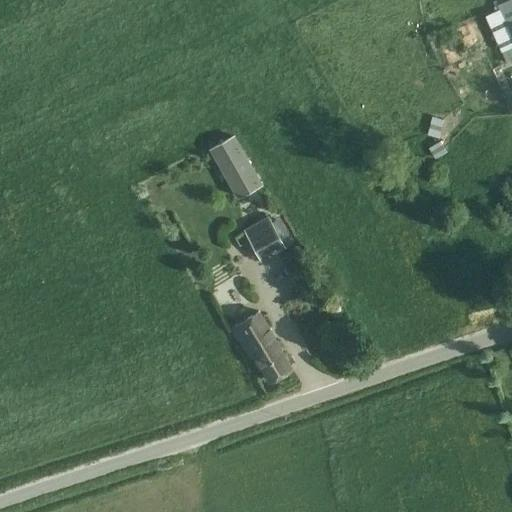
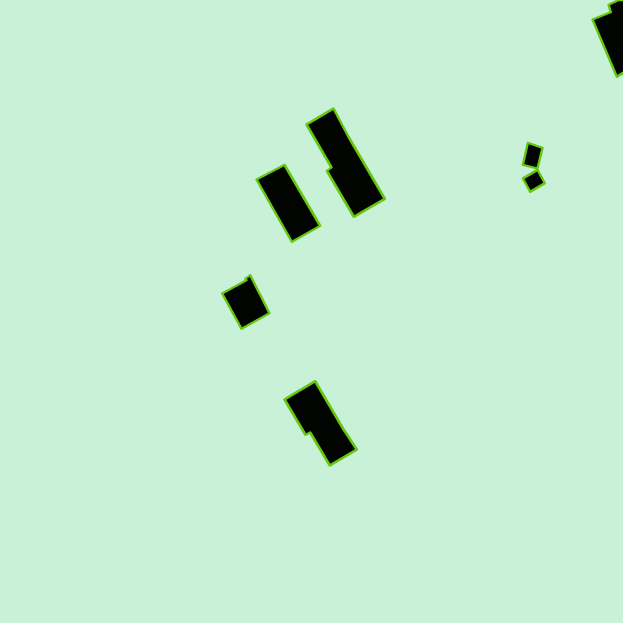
building: none -> [306,109,385,217]
building: [246,216,285,260] -> [222,275,270,329]

